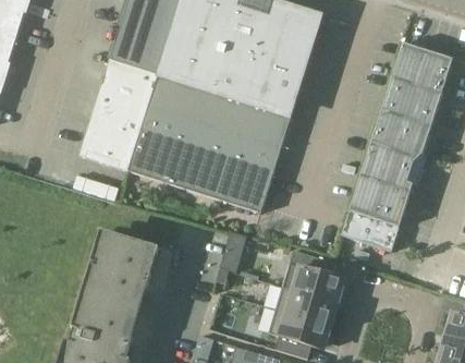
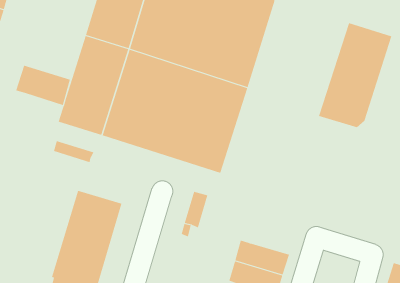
building: none -> [15,65,71,106]
building: [342,148,414,251] -> none
building: [294,253,345,303] -> none

